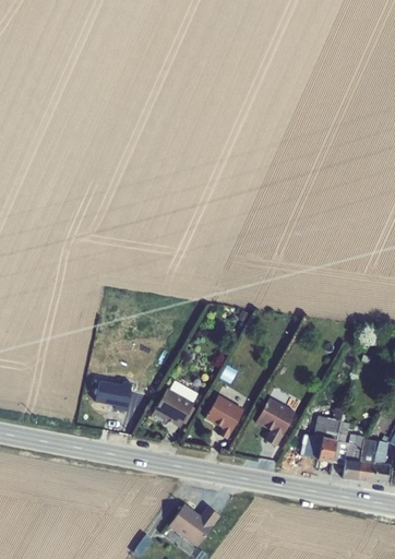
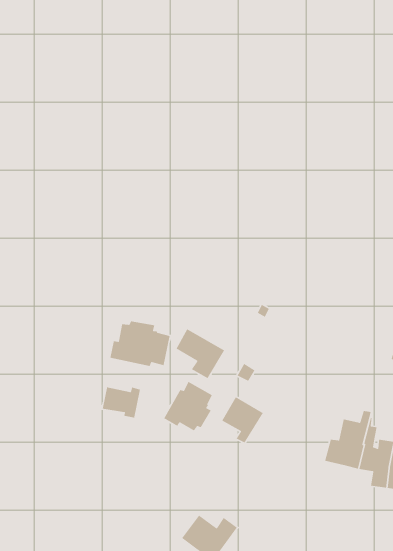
building: none -> [110,320,170,367]
building: none -> [175,328,225,379]
building: [255,397,295,445] -> none

